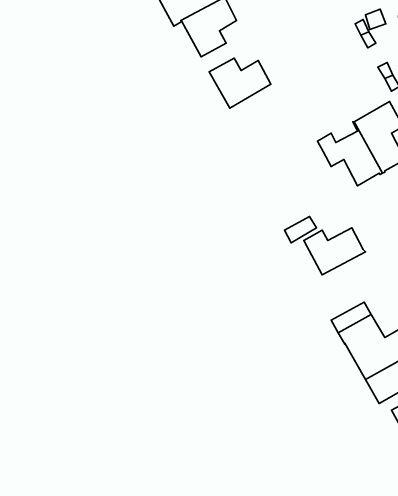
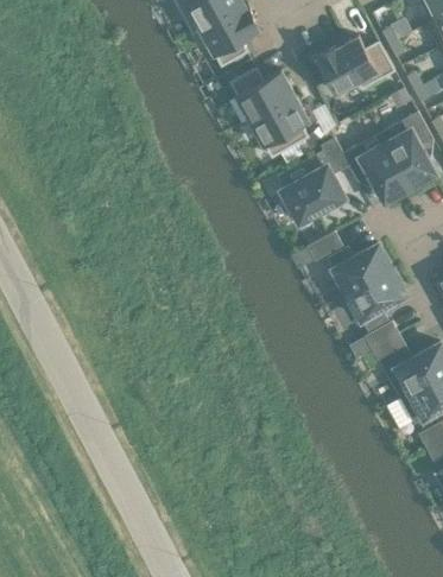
building: none -> [315,37,393,93]
building: none -> [251,95,308,157]
building: none -> [277,139,348,221]
building: none -> [347,270,405,330]

